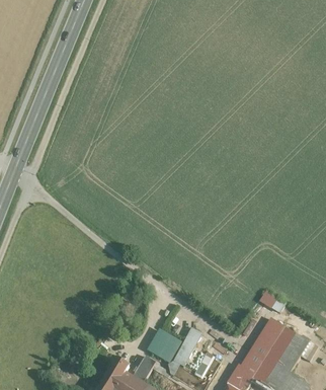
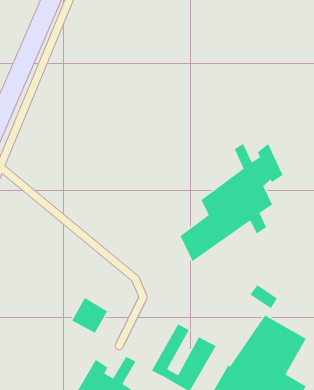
building: none -> [180,143,283,262]
building: [147,326,181,361] -> [71,297,108,334]

